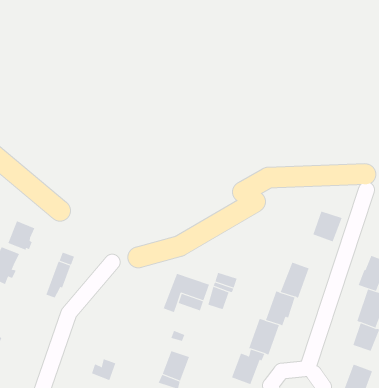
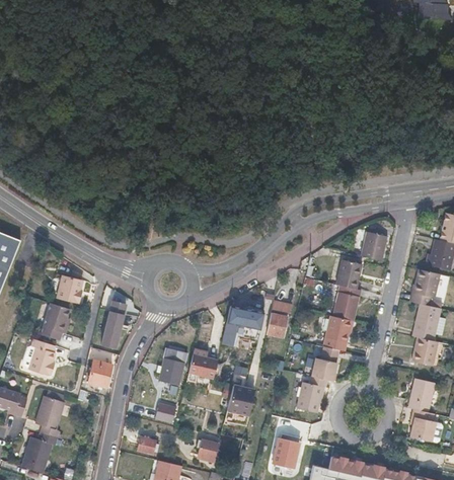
building: none -> [334,257,358,287]
building: none -> [88,359,111,387]
building: none -> [186,353,214,377]
building: none -> [155,357,181,386]

